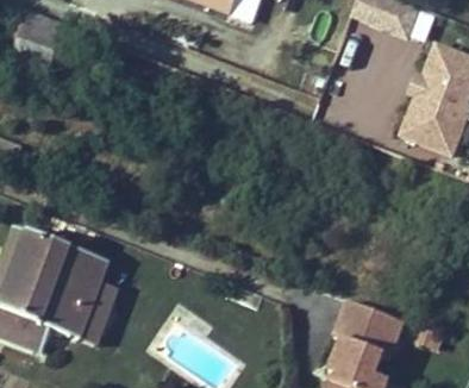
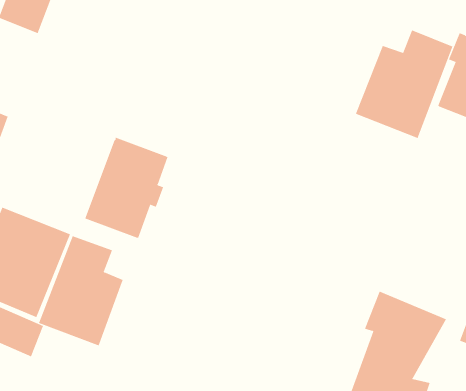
building: none -> [355,29,453,139]
building: none -> [84,137,168,239]

